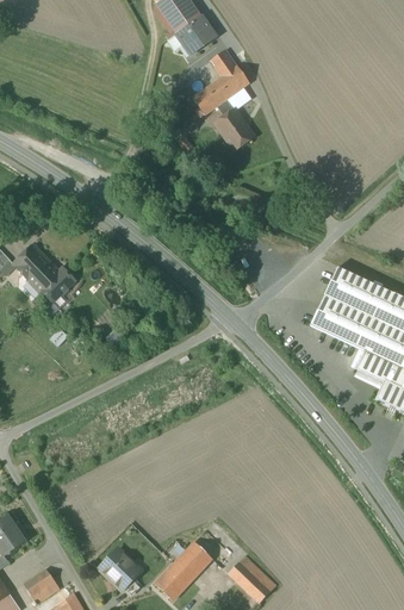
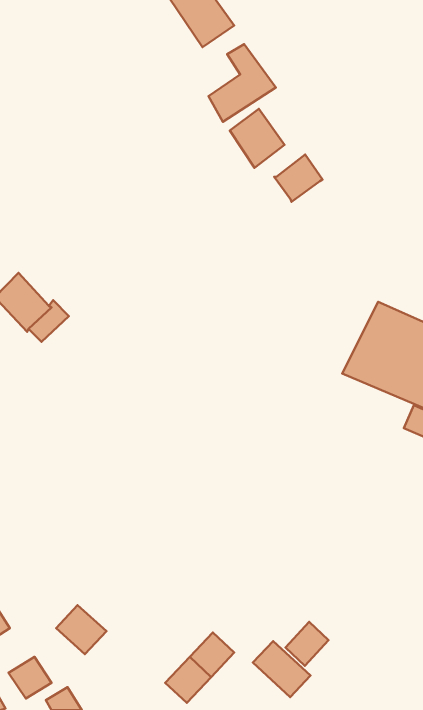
building: none -> [274,155,322,202]
building: none -> [285,622,328,666]
building: [101,548,143,589] -> [56,605,106,654]

